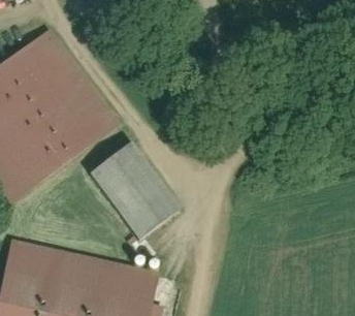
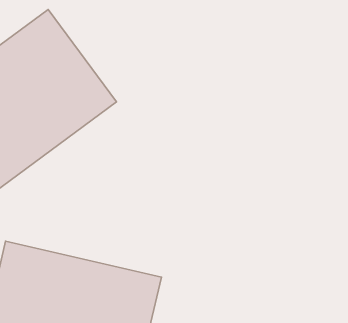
building: [96,141,184,234] -> none

